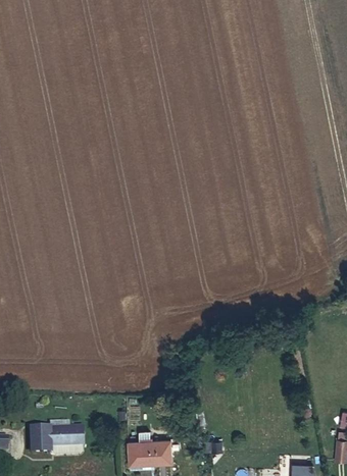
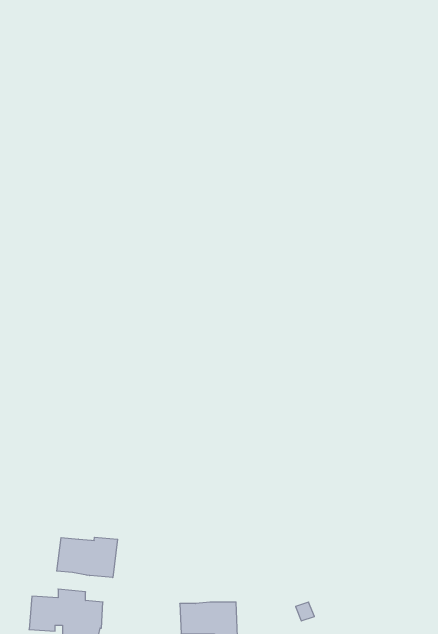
building: none -> [57,537,118,578]

